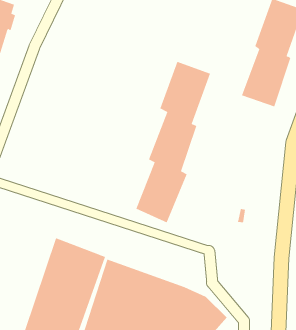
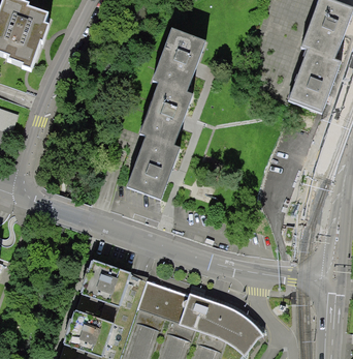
building: [135,61,211,223] -> [127,31,207,205]

